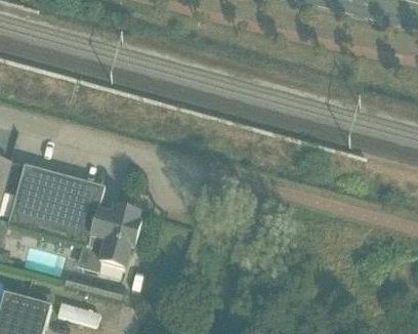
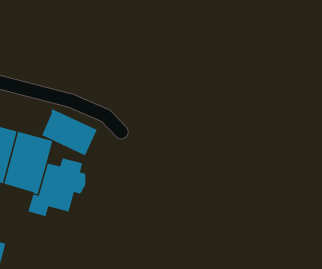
building: none -> [42,108,98,156]

